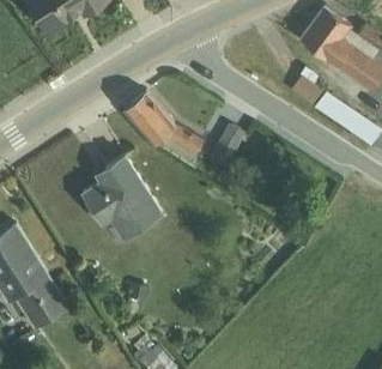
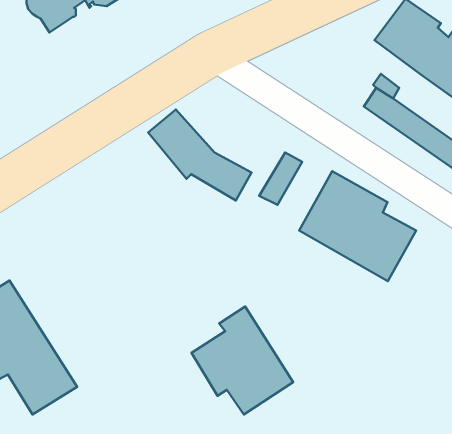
building: none -> [299,171,416,281]
building: [83,155,162,238] -> [191,307,293,414]

